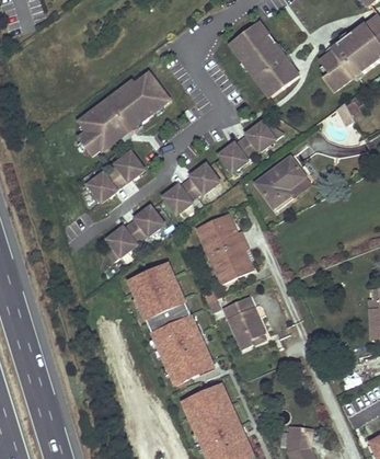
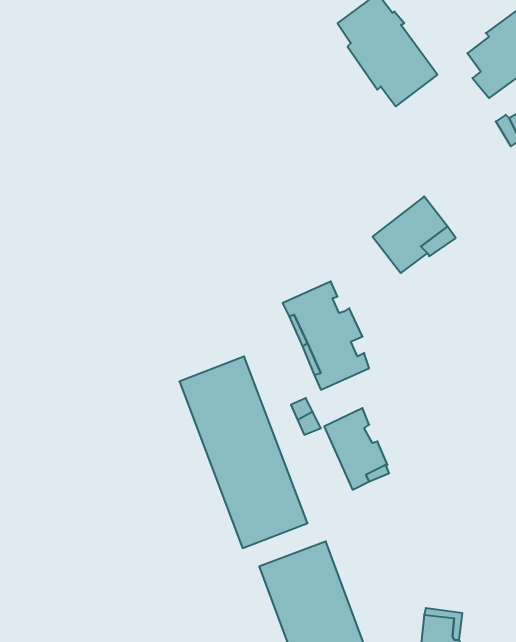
building: [77,73,169,156] -> none
building: [217,119,280,171] -> none
building: [88,153,143,200] -> none
building: [160,163,217,213] -> none
building: [103,206,161,261] -> none

